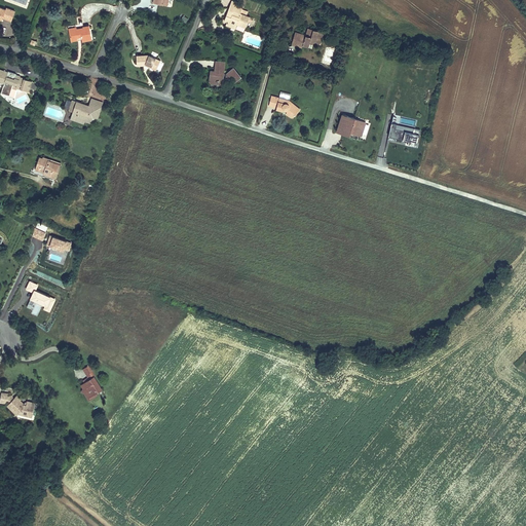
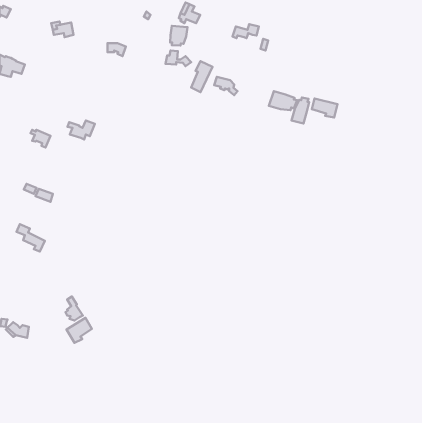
building: none -> [170,26,187,46]
building: none -> [191,61,212,92]
building: [68,101,102,124] -> [68,120,95,139]
building: none -> [291,98,309,123]
building: none -> [66,318,92,343]

